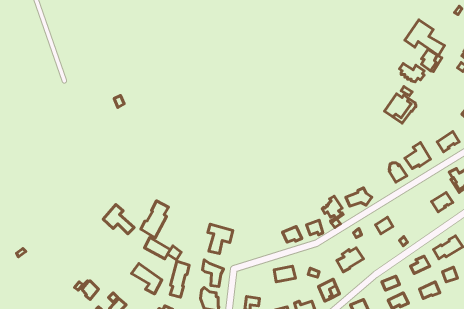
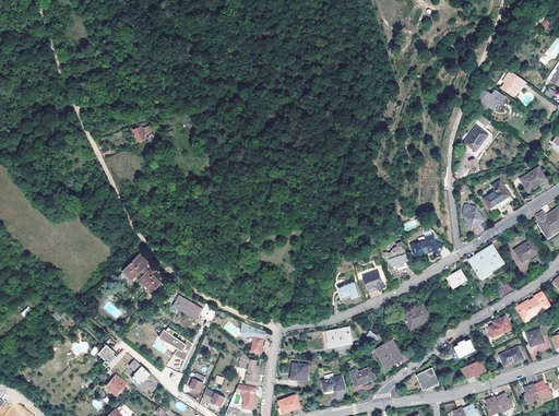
building: [405,20,444,55] -> none
building: none -> [468,246,501,276]
building: [141,201,168,238] -> none
building: [208,224,233,253] -> none
building: [170,261,189,297] -> none

